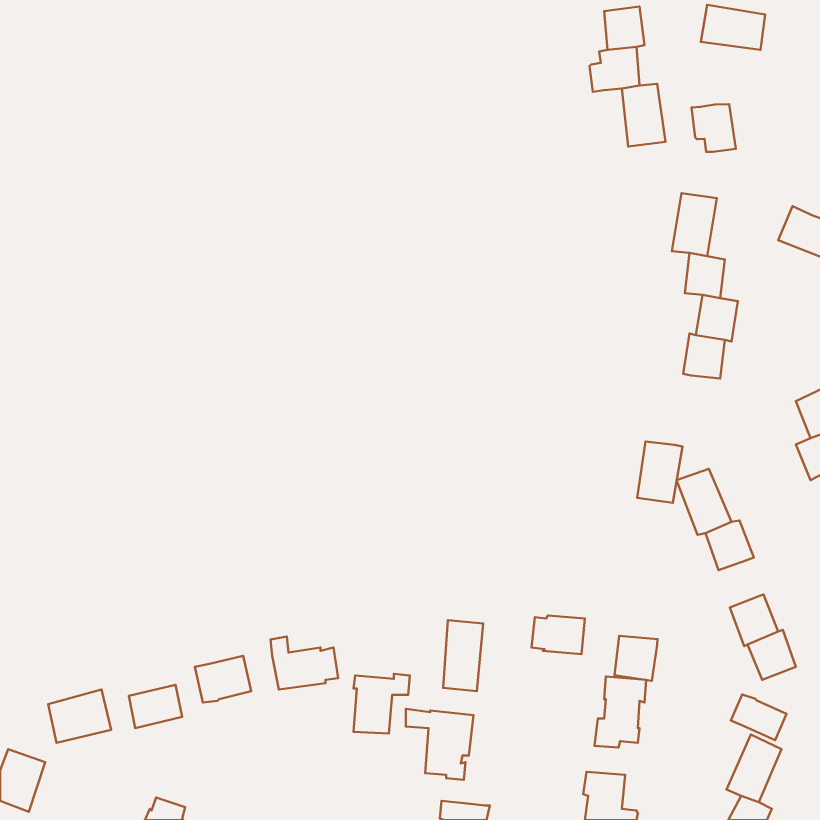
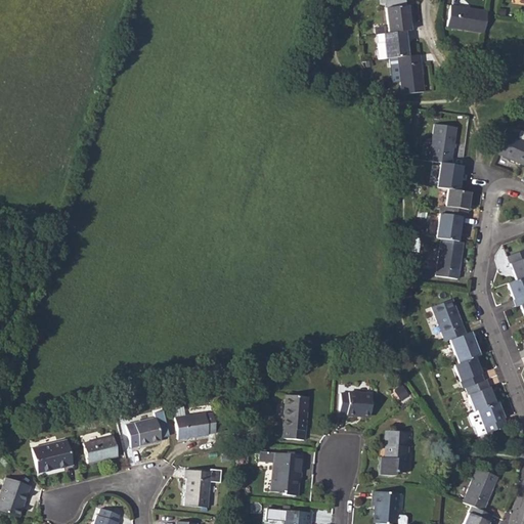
building: [692,104,736,152] -> none
building: [637,442,682,503] -> [436,238,465,277]
building: none -> [454,356,484,387]
building: [614,636,658,681] -> none
building: [354,674,410,734] -> [185,468,221,506]
building: [731,694,787,740] -> none

